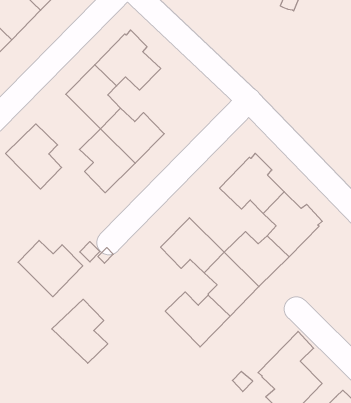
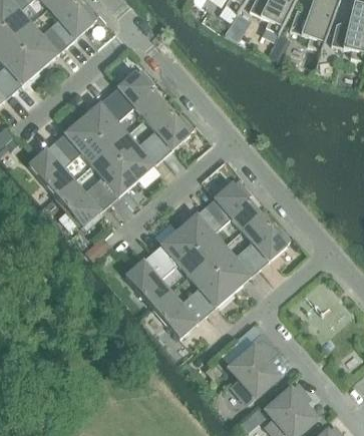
building: none -> [144,102,194,157]
building: none -> [55,118,109,165]
building: none -> [178,206,225,261]
building: [18,240,83,297] -> [55,179,109,228]
building: [52,299,108,363] -> [124,253,170,307]

